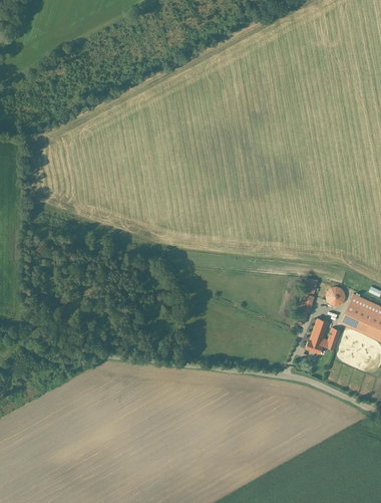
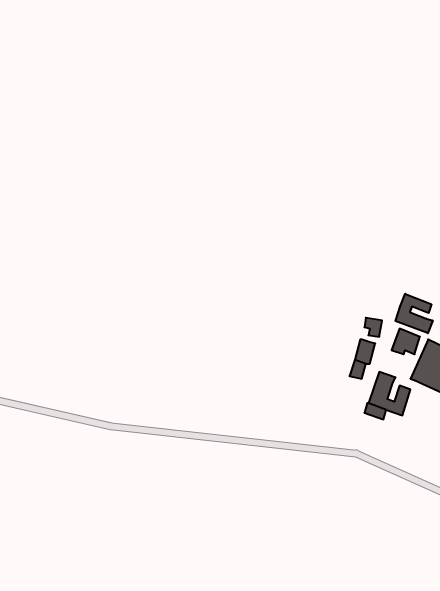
building: none -> [395,294,433,333]

